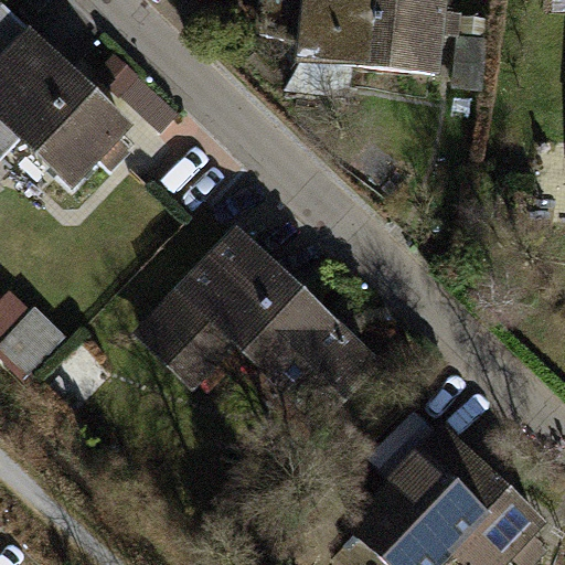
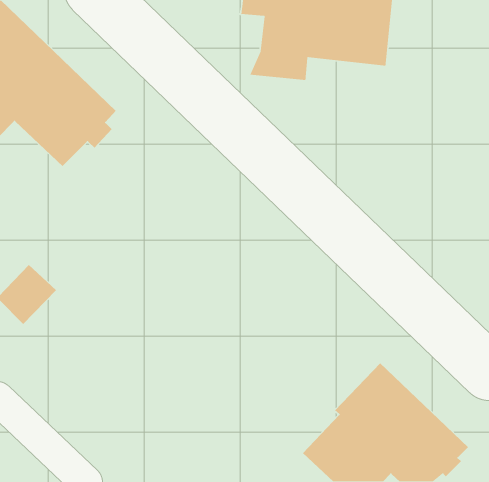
building: [134,225,383,433] -> none

